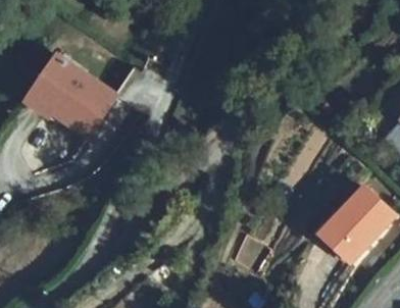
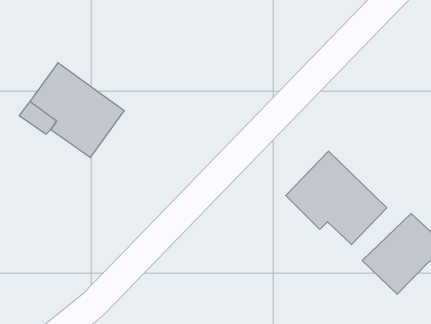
building: none -> [286,151,387,245]

